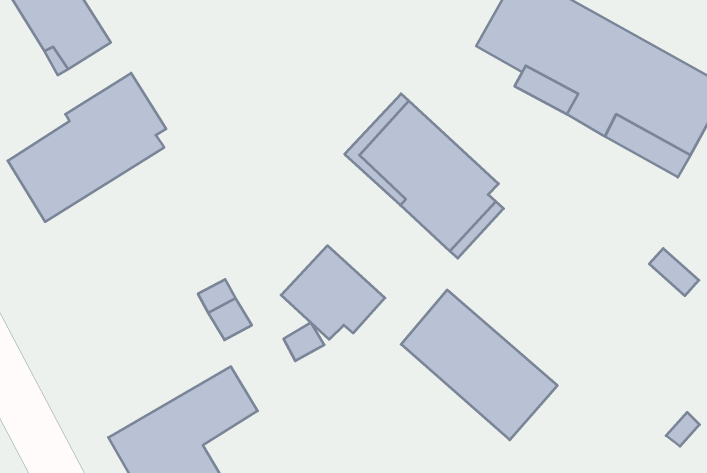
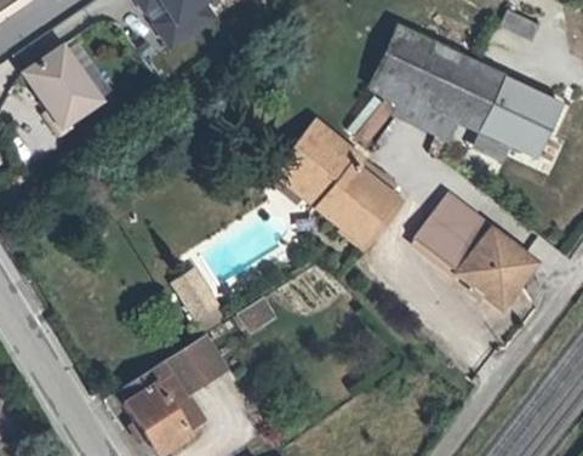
building: [8,73,166,222] -> none
building: [281,246,385,339] -> none
building: [401,290,557,440] -> [417,199,535,307]

